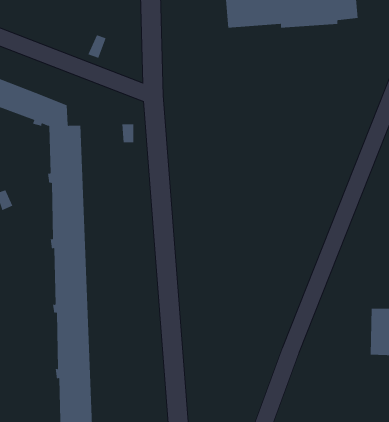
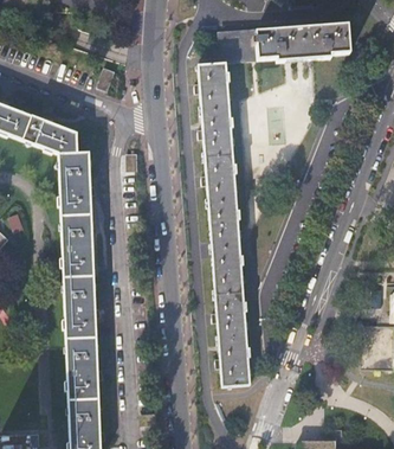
building: none -> [195,60,251,385]

